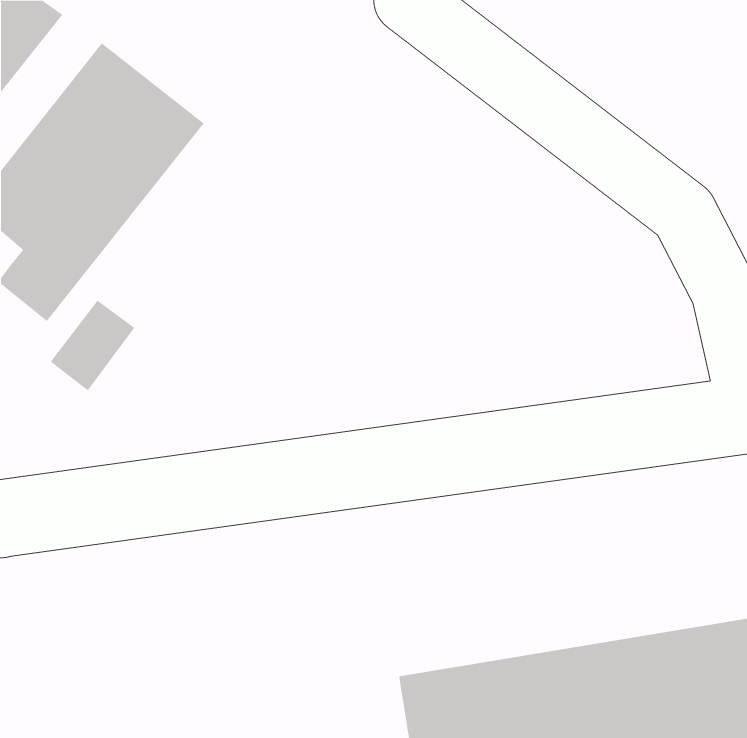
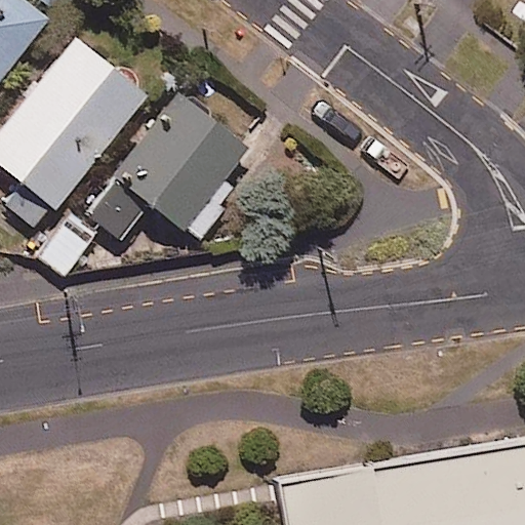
building: none -> [82,93,249,244]

